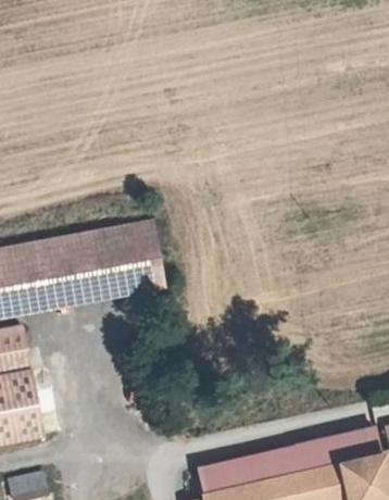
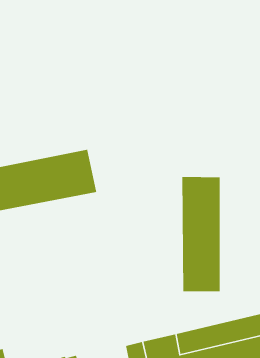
building: none -> [182,176,221,292]

